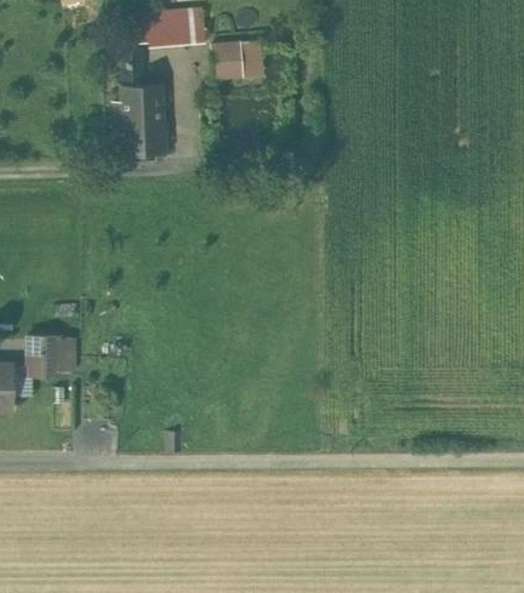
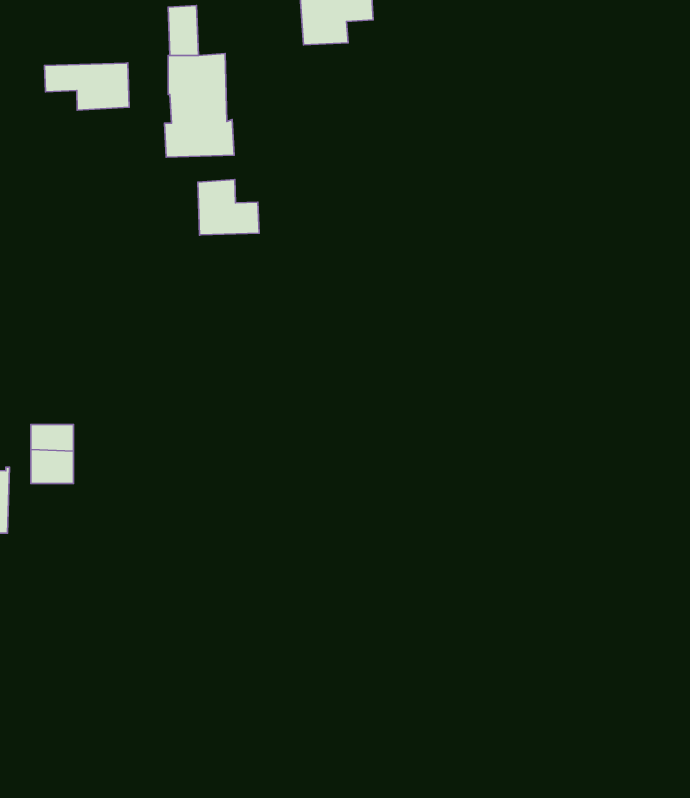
building: none -> [44,63,129,110]
building: none -> [198,179,259,235]

